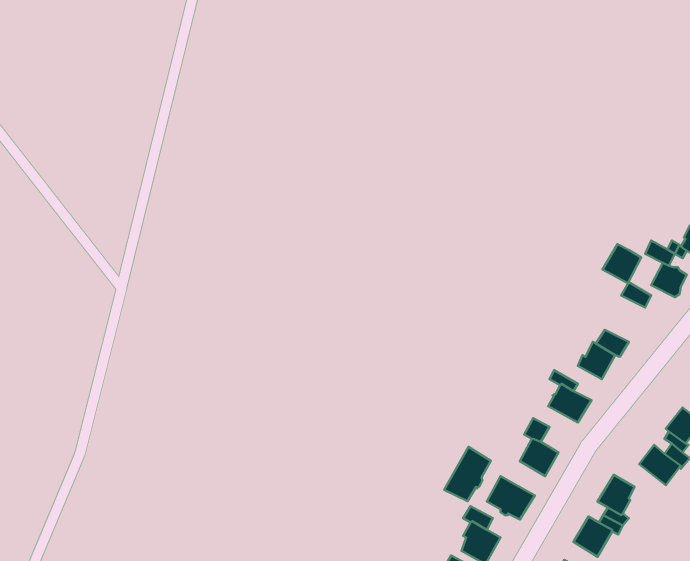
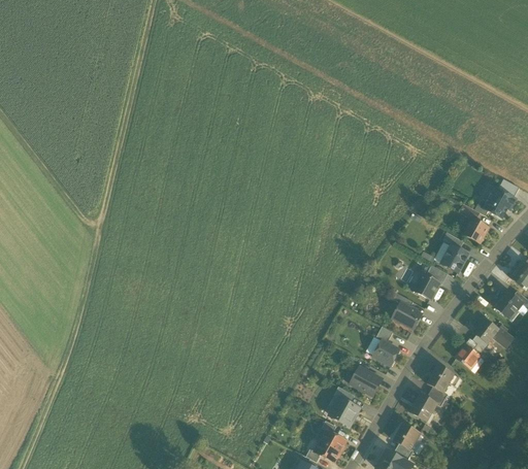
building: [602,244,641,283] -> [440,245,467,272]
building: [444,447,491,501] -> none

